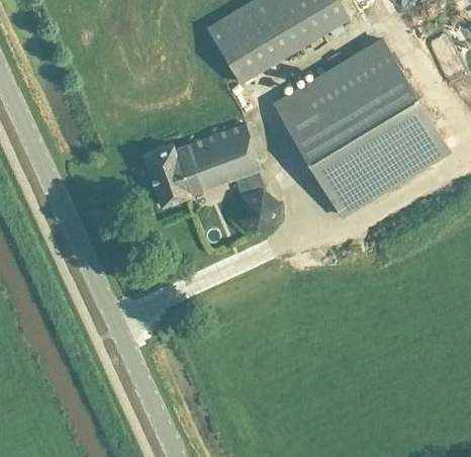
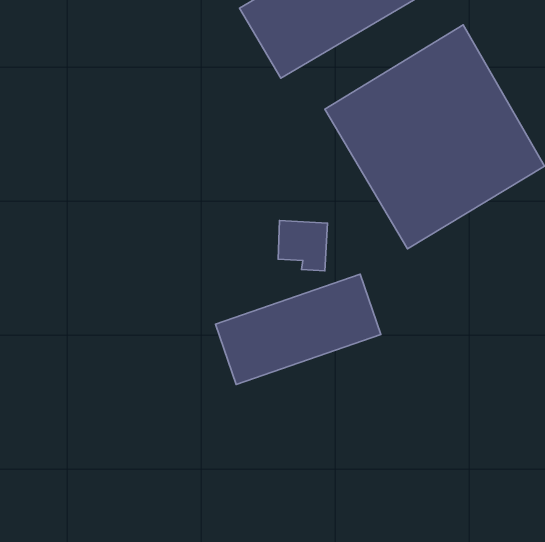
building: [142,124,260,206] -> none
building: none -> [216,274,381,385]

